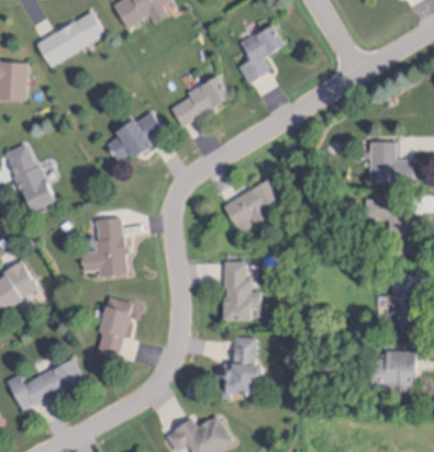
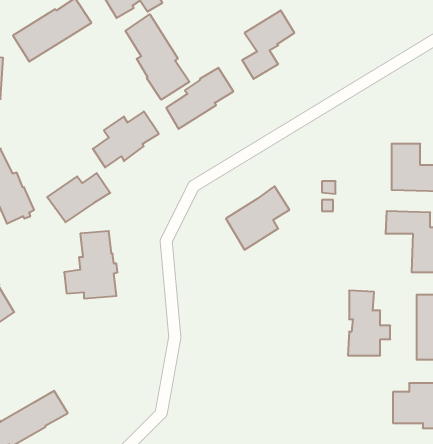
building: none -> [126,14,189,100]
building: none -> [47,173,110,222]
building: [223,261,260,318] -> [348,291,390,355]
building: [97,297,132,359] -> none
building: [219,337,260,397] -> none

